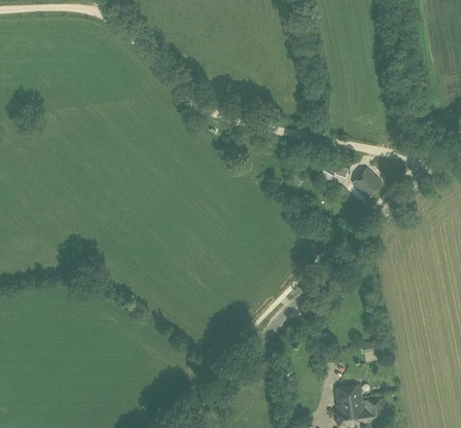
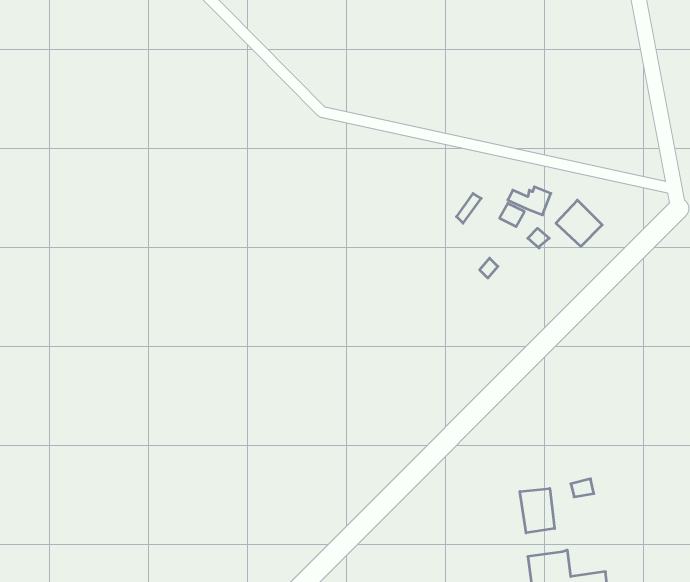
building: none -> [520,488,555,533]

